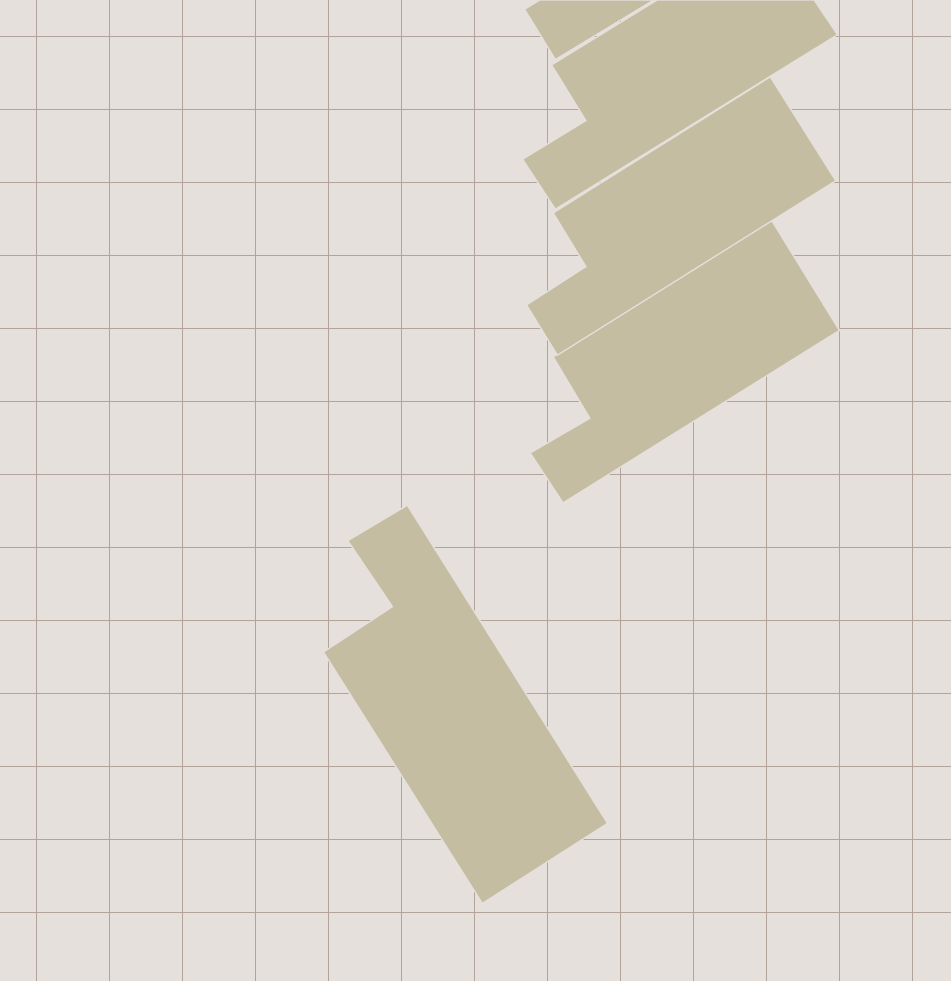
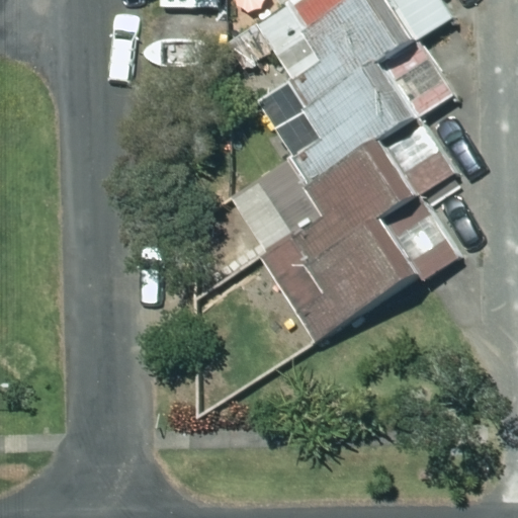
building: none -> [285,195,448,343]
building: [323,505,608,904] -> none

